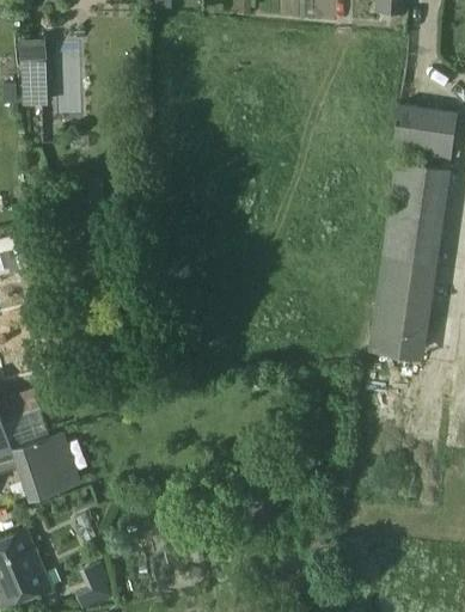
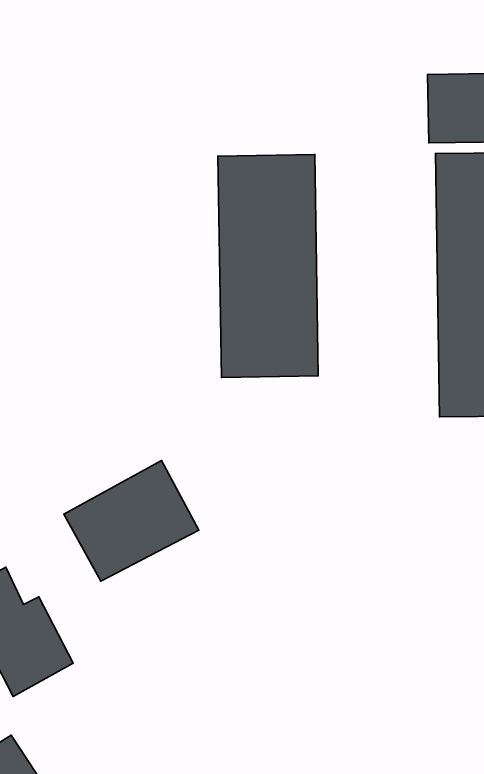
building: none -> [218,154,318,378]
building: none -> [64,460,199,581]

